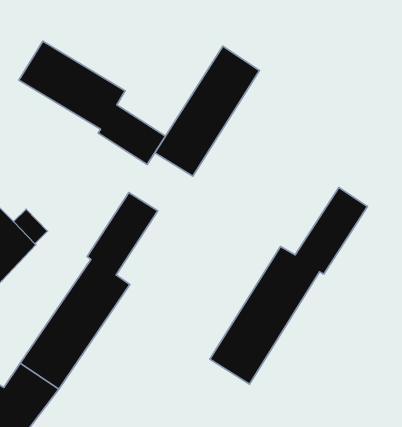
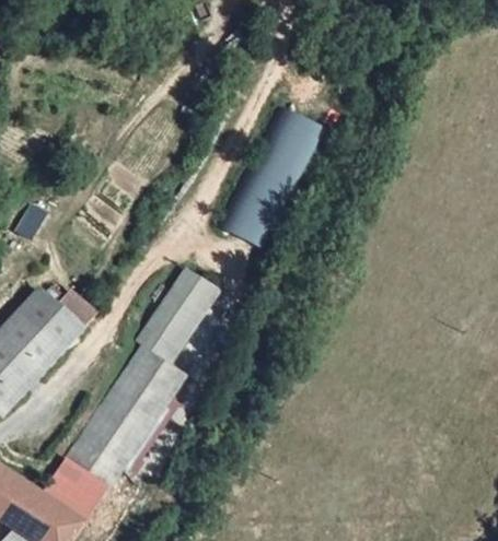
building: [19,41,166,164] -> none
building: [210,187,368,384] -> none

